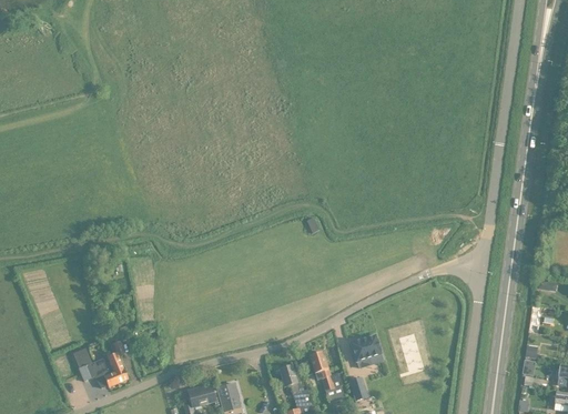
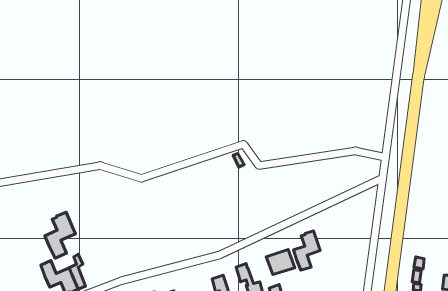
building: none -> [45,212,75,258]
building: none -> [294,231,320,270]

